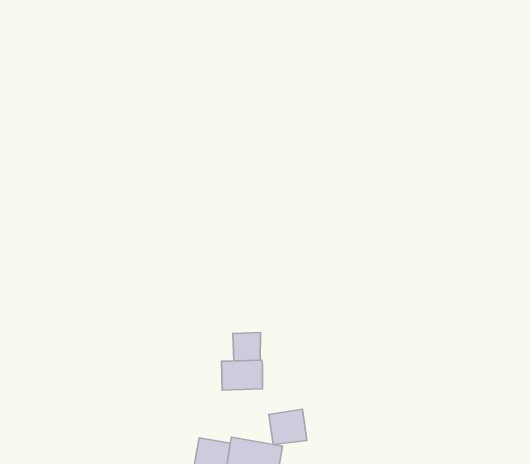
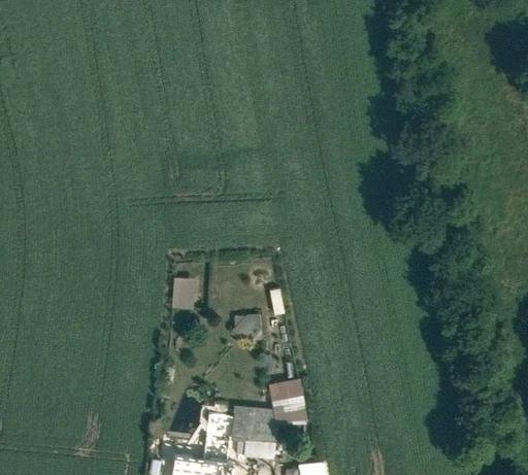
building: none -> [173,278,196,310]
building: [222,360,263,390] -> none

